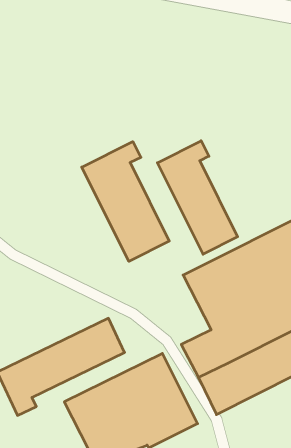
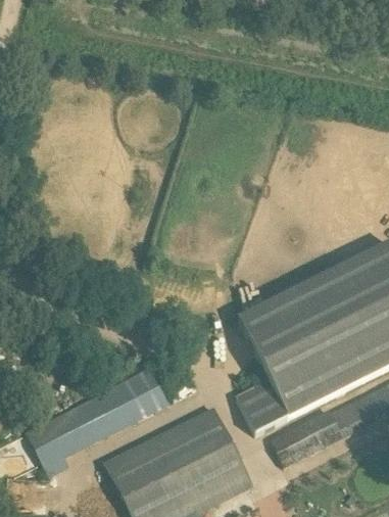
building: [157,141,238,254] -> none
building: [82,142,169,261] -> none

